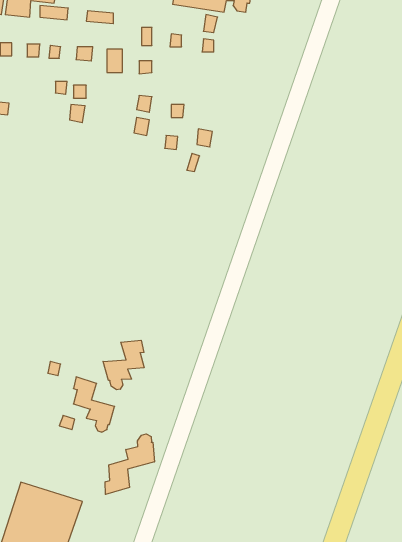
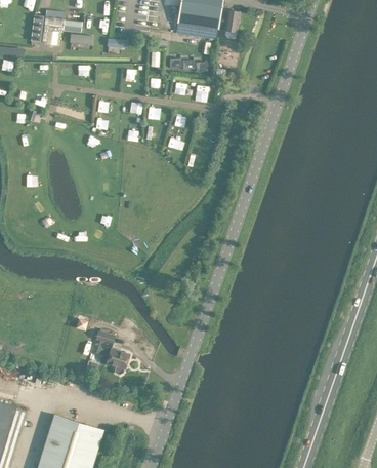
building: [103,340,144,390] -> none
building: [105,434,154,494] -> none

